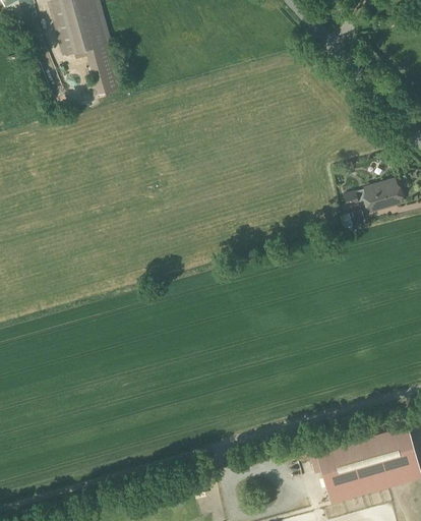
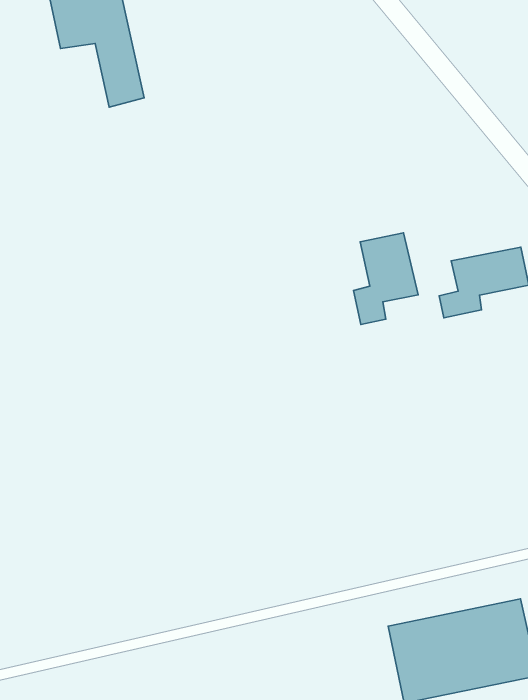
building: none -> [354,233,418,324]

